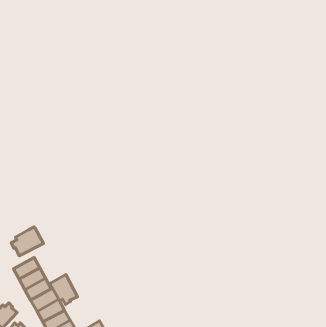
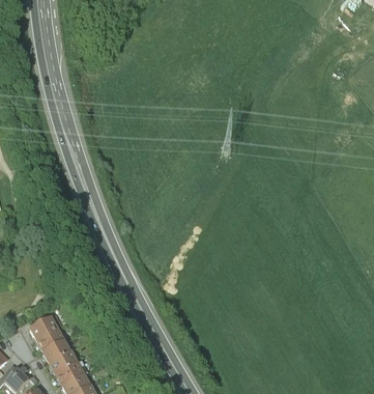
building: [11,227,43,256] -> none
building: [50,275,77,305] -> none

